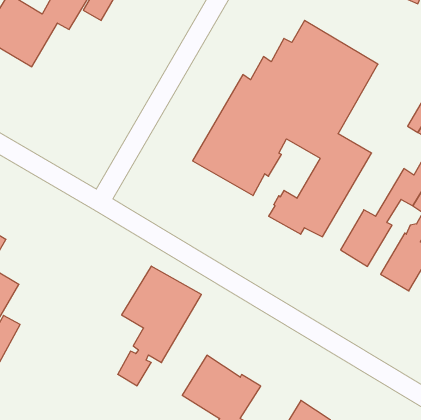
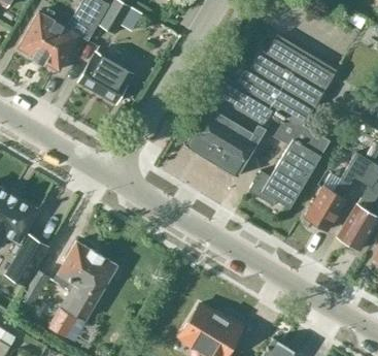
building: none -> [78,53,133,104]
building: [118,266,201,386] -> [50,241,117,337]

